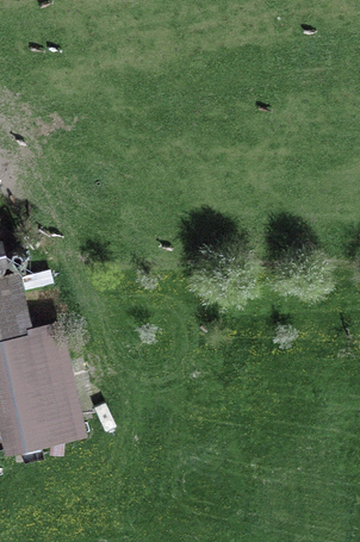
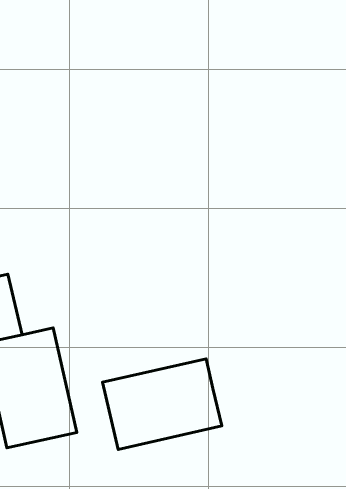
building: none -> [103,359,222,449]

